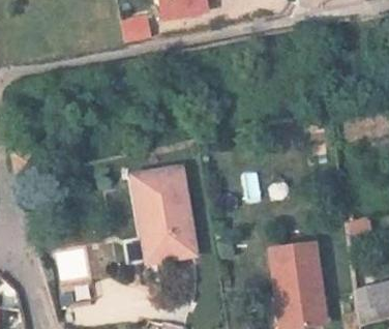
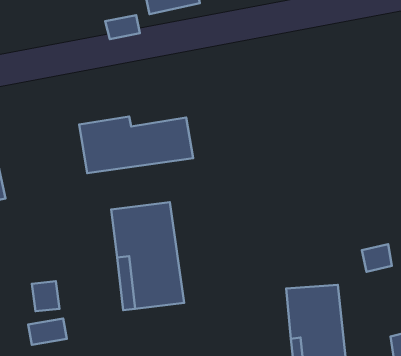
building: none -> [79,117,193,173]

